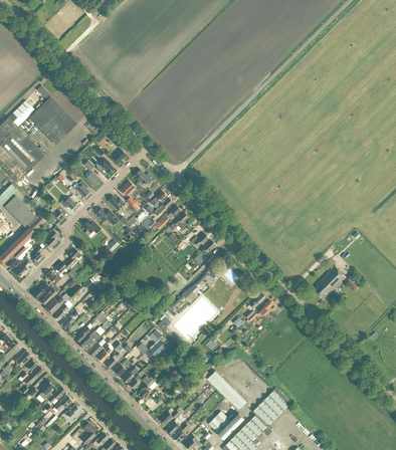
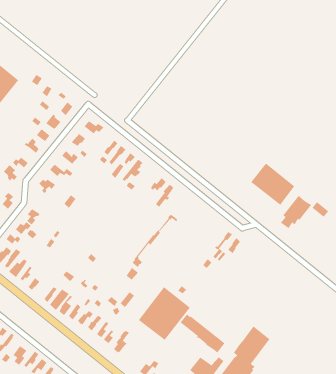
building: none -> [250,163,295,206]
building: none -> [138,286,191,341]

